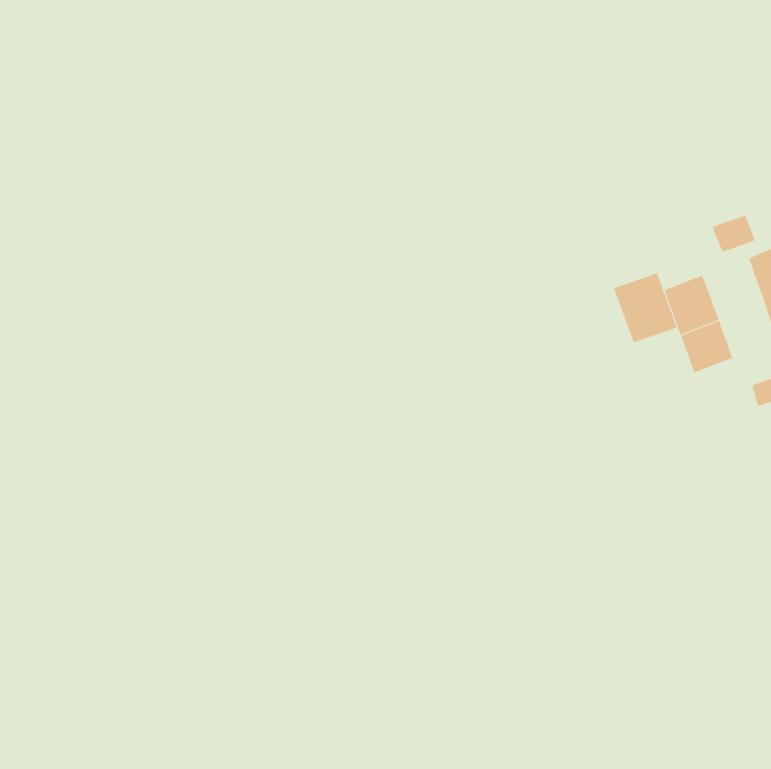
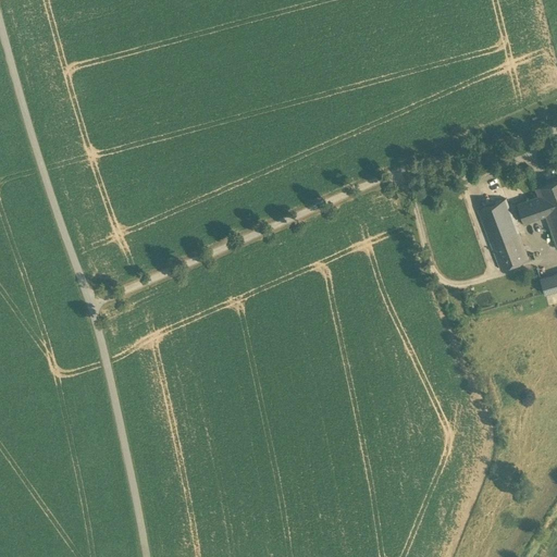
building: [712,215,755,252] -> [518,197,549,224]
building: [613,273,677,343] -> none

